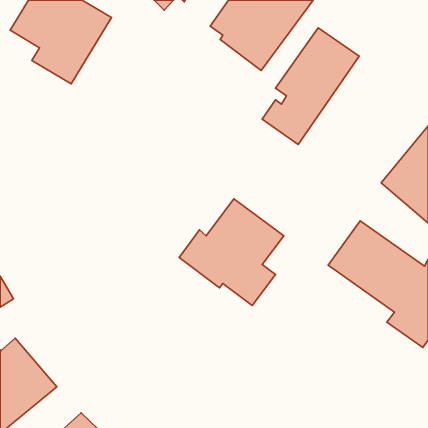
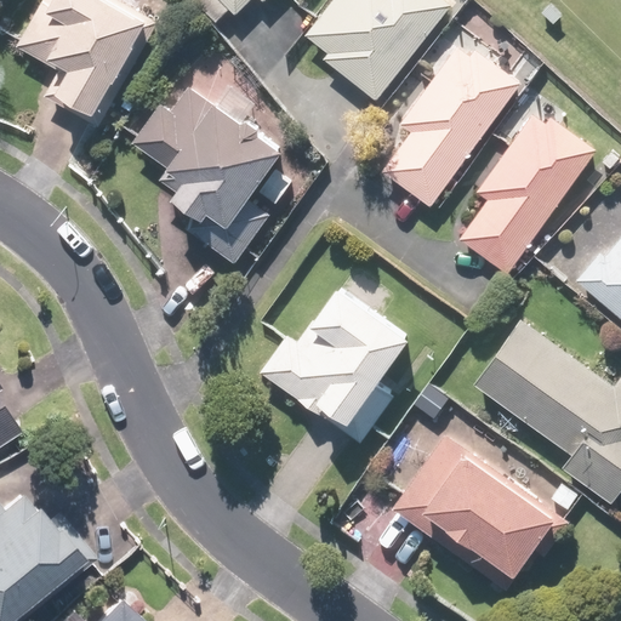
building: none -> [136,86,329,264]
building: none -> [462,108,597,273]
building: none -> [392,431,559,589]

